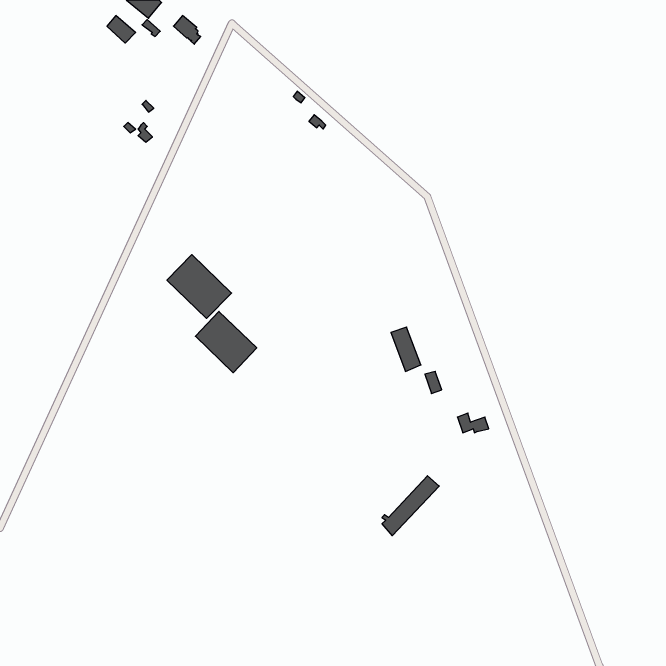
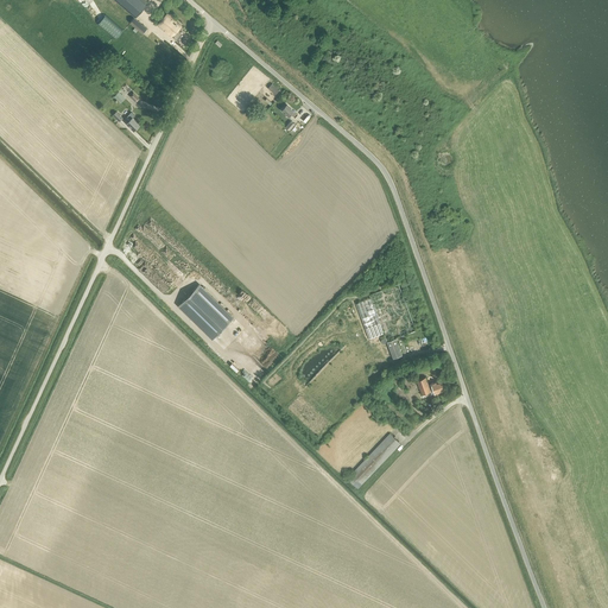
building: [167,255,232,318] -> none

